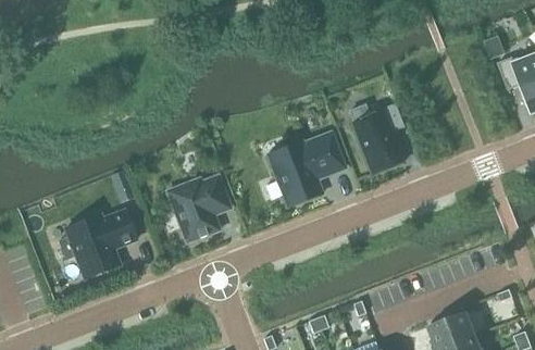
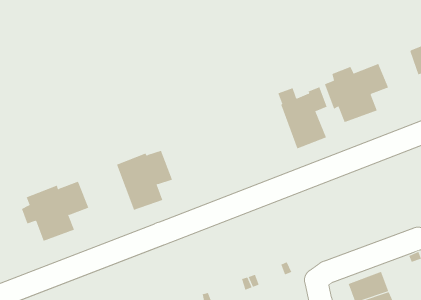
building: none -> [324,63,389,123]
building: [265,129,347,208] -> none

